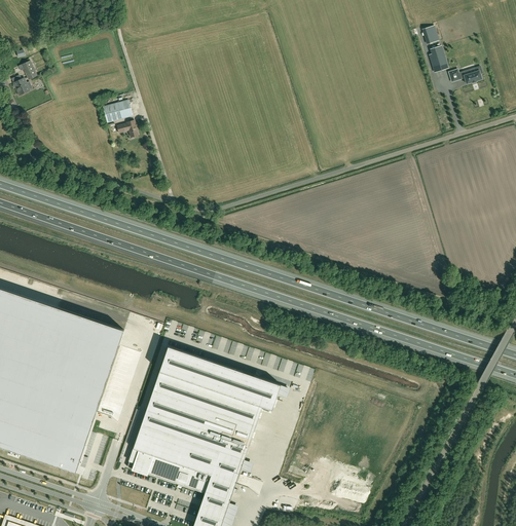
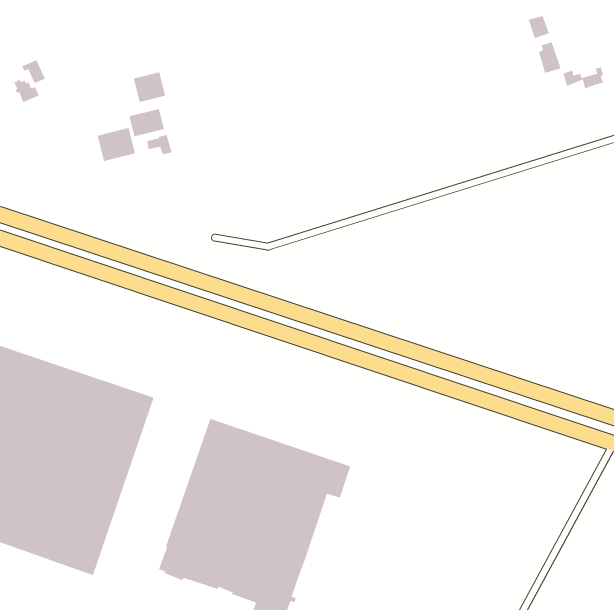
building: none -> [133,72,166,103]
building: none -> [97,127,136,162]

